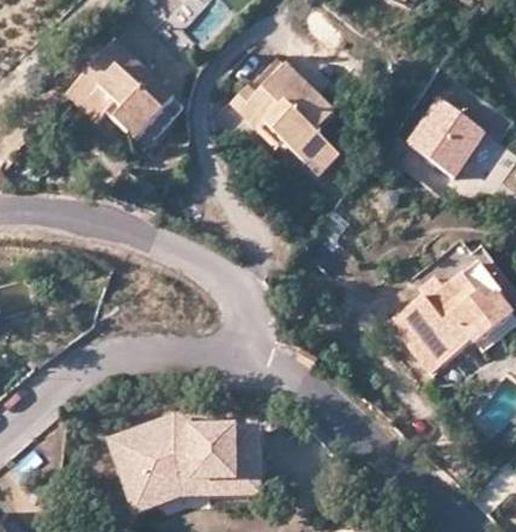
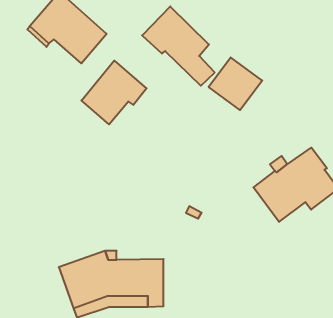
building: [407,97,485,174] -> [209,57,262,110]
building: none -> [81,61,147,124]

